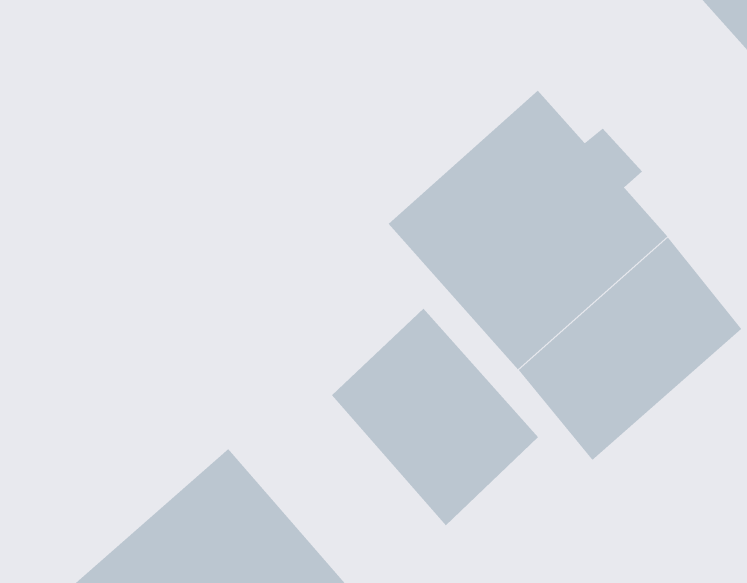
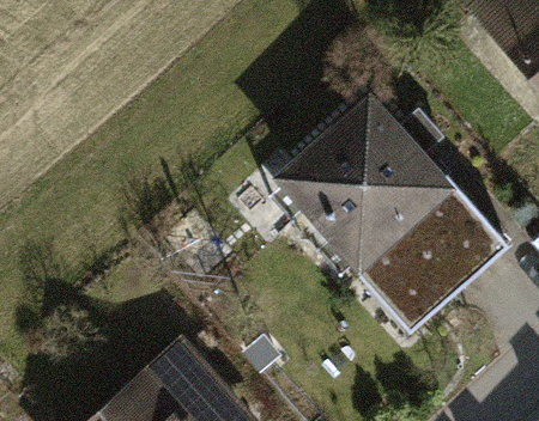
building: [331,308,539,526] -> none

